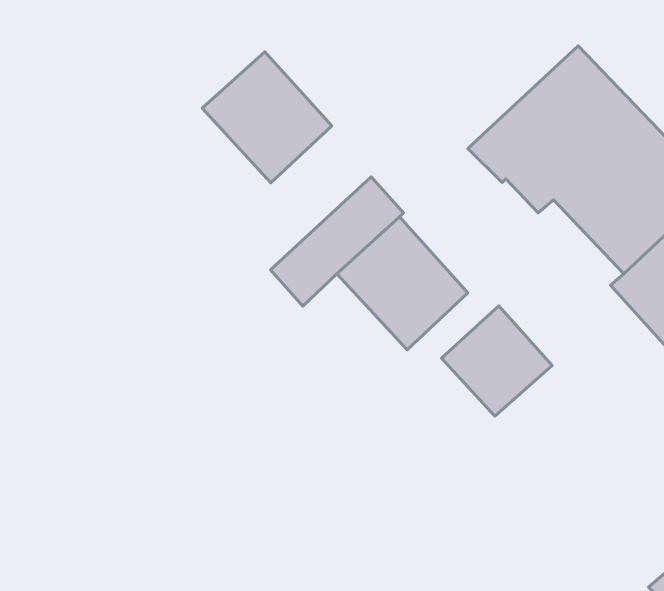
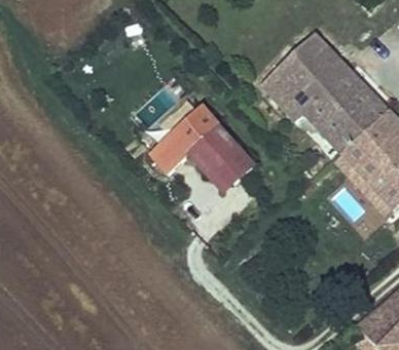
building: [202,52,332,183] -> none
building: [441,306,552,416] -> none

